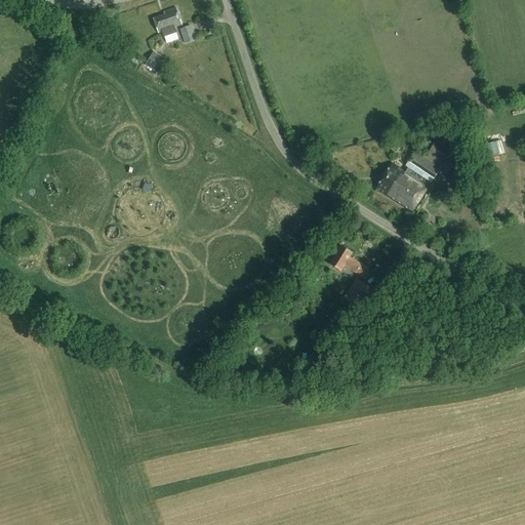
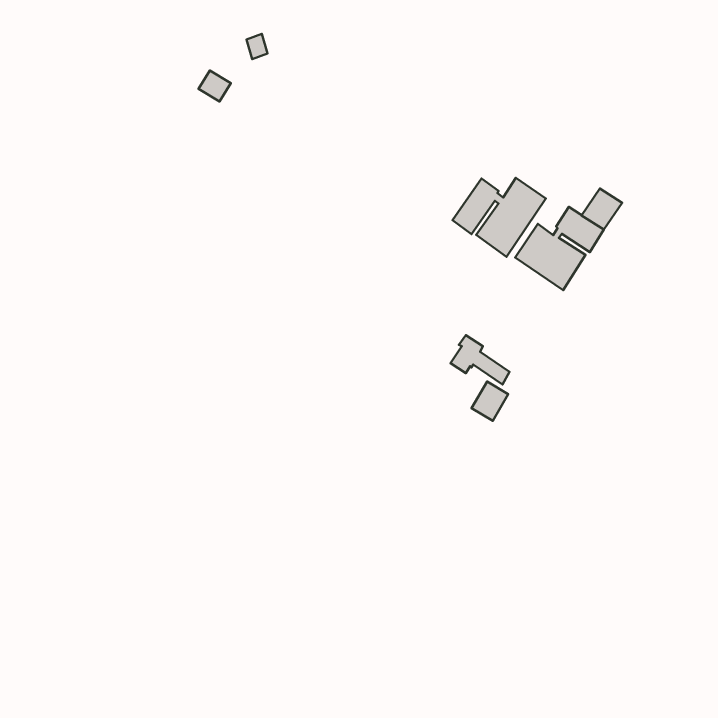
building: [153,7,181,39] -> none
building: none -> [452,178,546,257]

